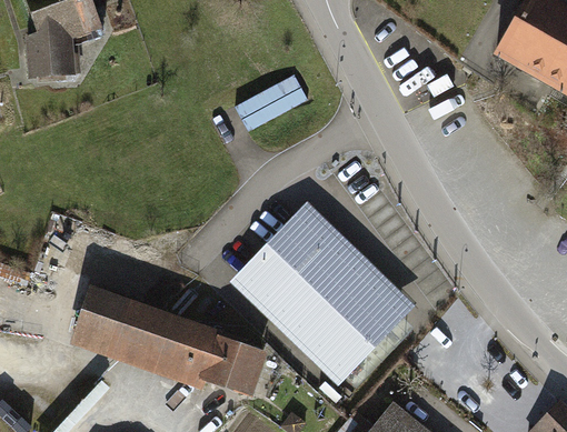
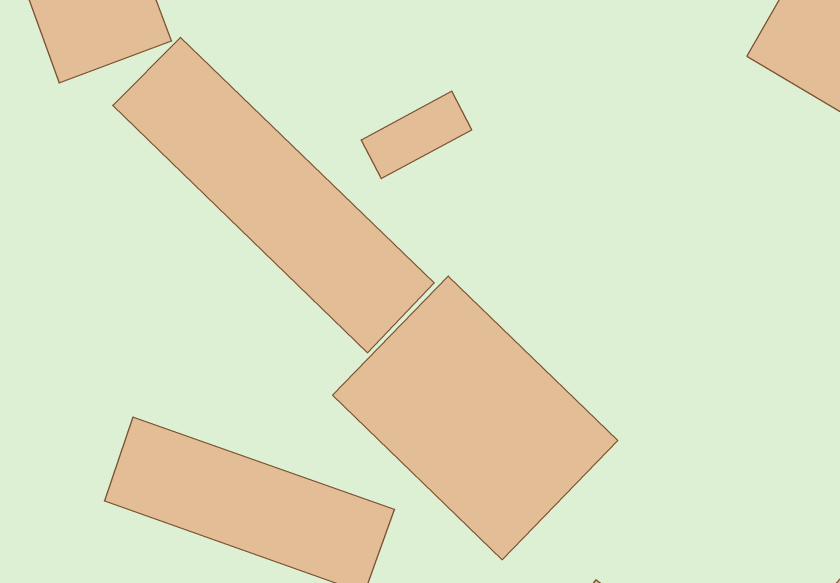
building: none -> [113,37,434,353]

